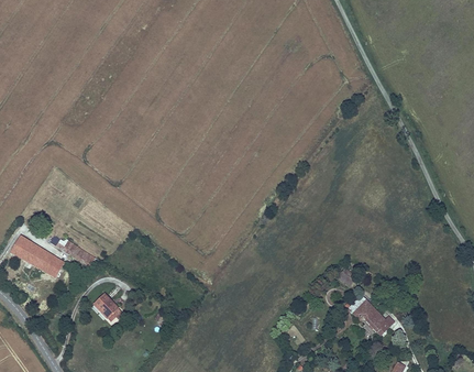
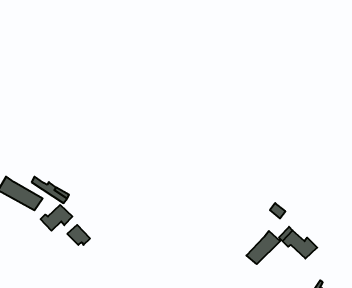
building: none -> [41,205,72,231]
building: none -> [246,231,280,264]

